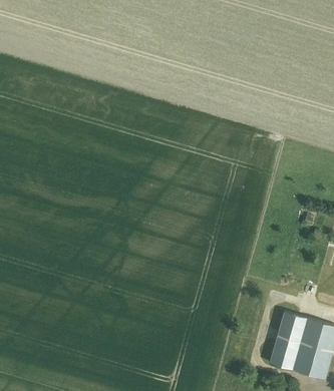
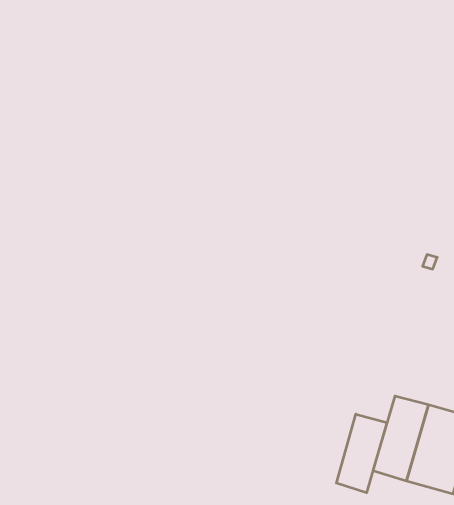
building: none -> [336,414,387,493]

